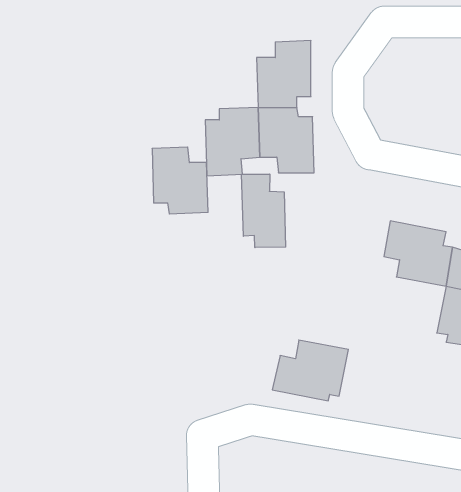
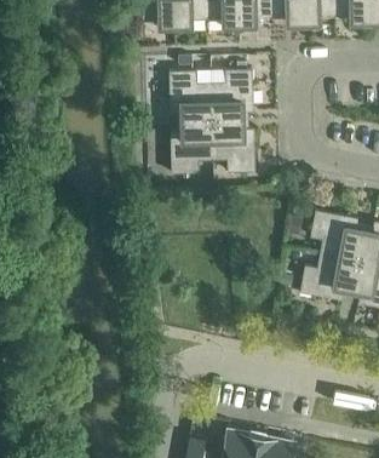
building: [152,147,208,214] -> [168,69,212,121]
building: [242,174,286,248] -> none
building: [272,340,348,401] -> [299,252,358,299]

